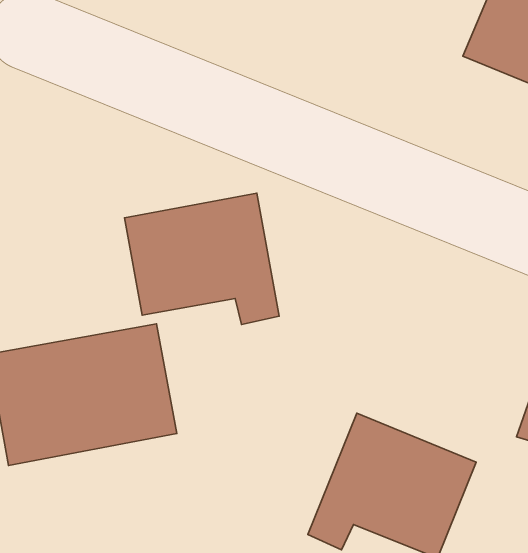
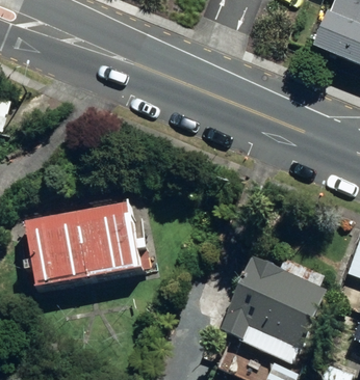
building: [124,193,279,324] -> none

